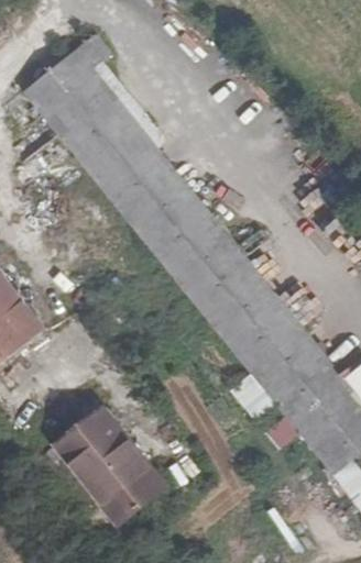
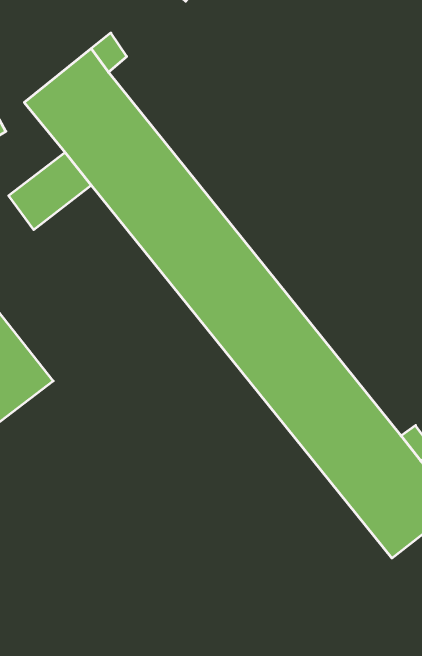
building: [53,405,166,526] -> none

